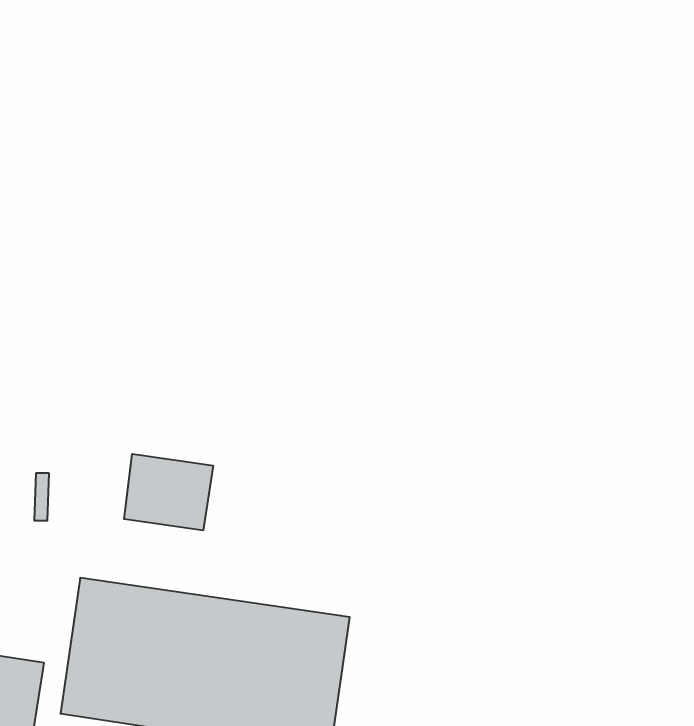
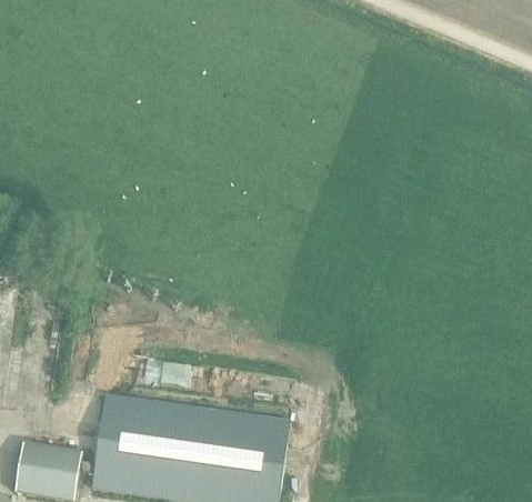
building: [124,454,213,530] -> none

